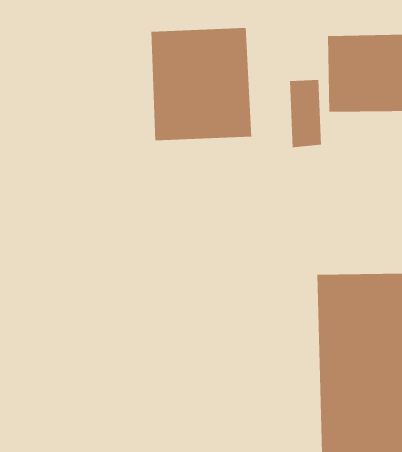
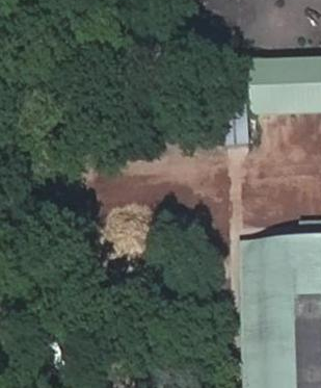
building: [151,27,252,141] -> none

